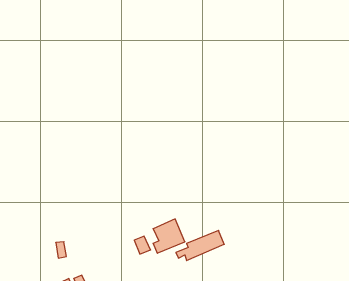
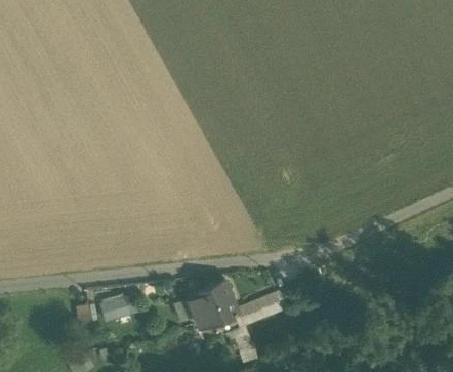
building: none -> [100,294,138,322]

